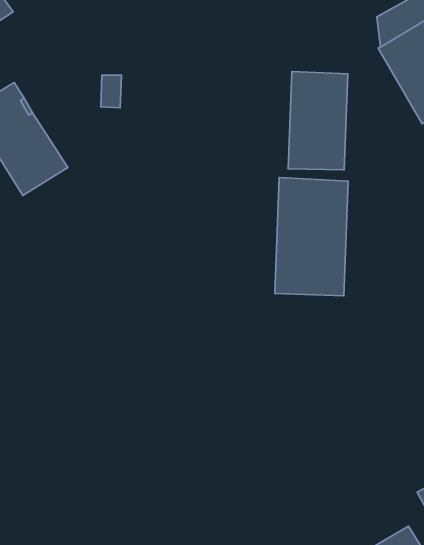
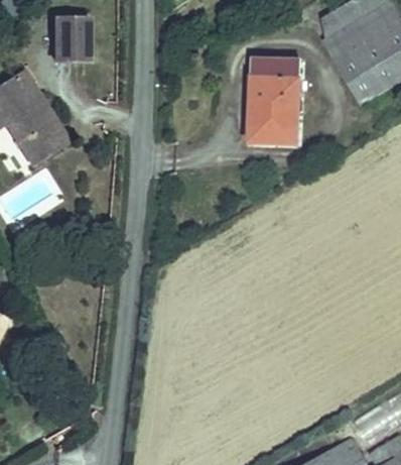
building: none -> [54,18,89,62]
building: [275,178,348,296] -> none

